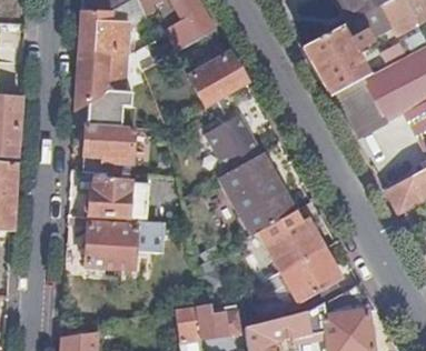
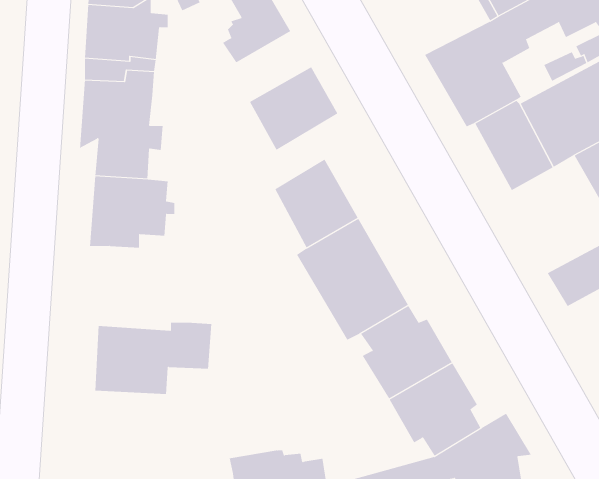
building: [88,180,149,221] -> none

